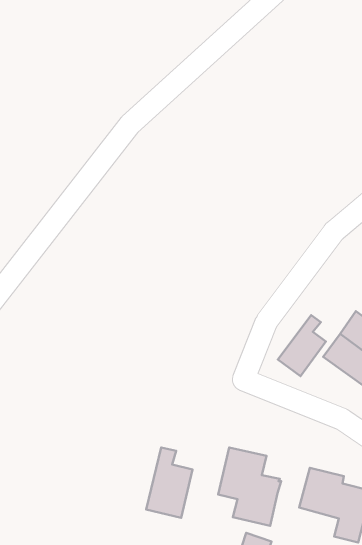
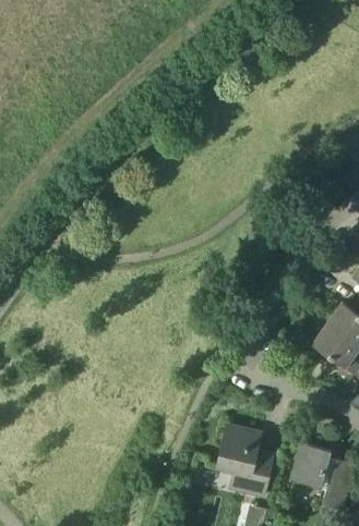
building: [278,315,326,376] -> none
building: [146,447,192,518] -> none

